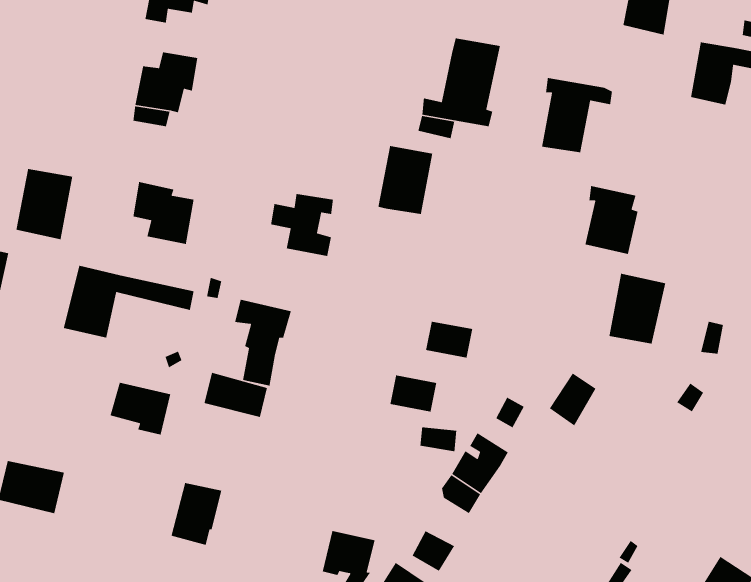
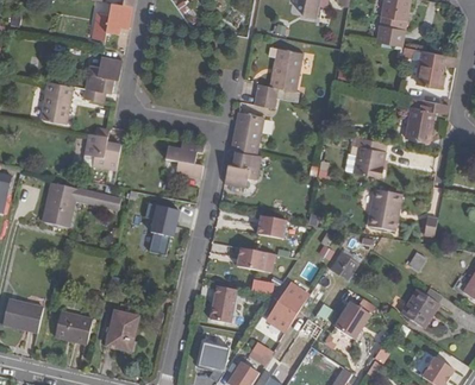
building: [541,77,613,153] -> [405,96,448,141]
building: [15,168,73,240] -> [39,81,74,124]
building: none -> [224,150,262,185]
building: [203,372,268,418] -> none
building: [109,382,171,436] -> [55,311,92,343]
building: none -> [210,286,237,323]
building: none -> [401,289,439,328]
building: none -> [335,302,370,340]

